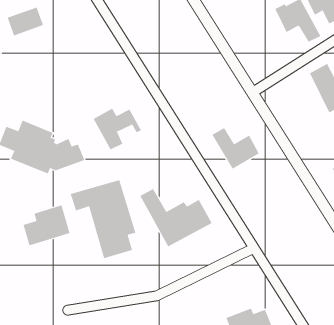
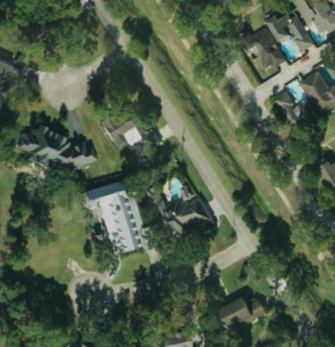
building: none -> [246,27,285,71]
building: [212,127,259,170] -> [274,92,319,132]
building: [23,205,70,246] -> none

